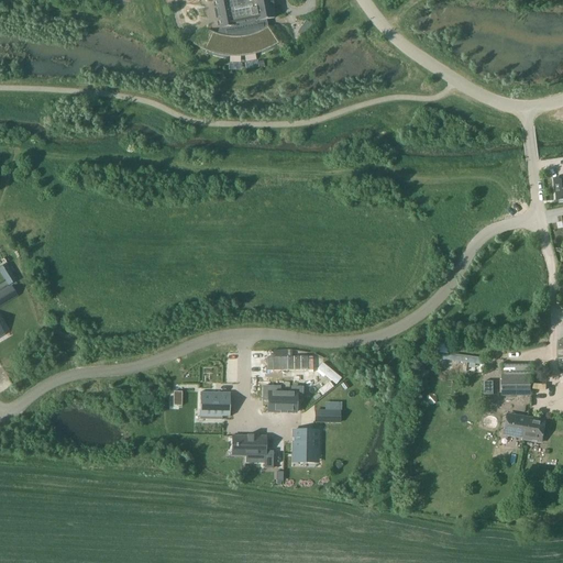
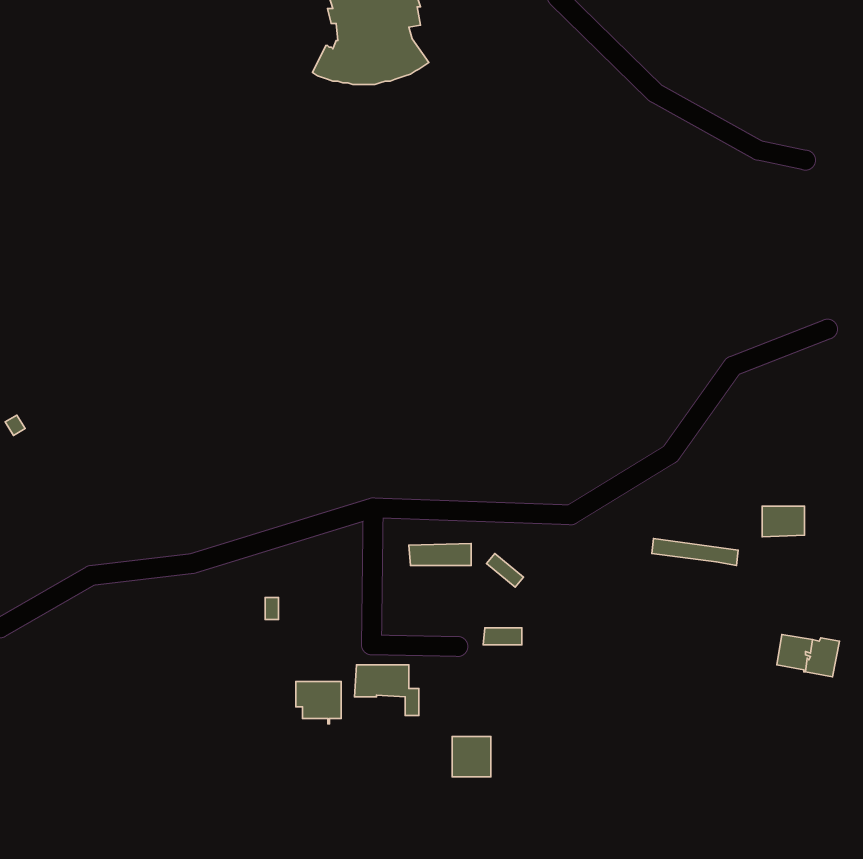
building: [504,374,531,394] -> [762,506,805,537]
building: [200,390,230,418] -> [296,682,341,724]
building: [268,390,296,411] -> none
building: [292,429,318,455] -> [452,736,491,777]

